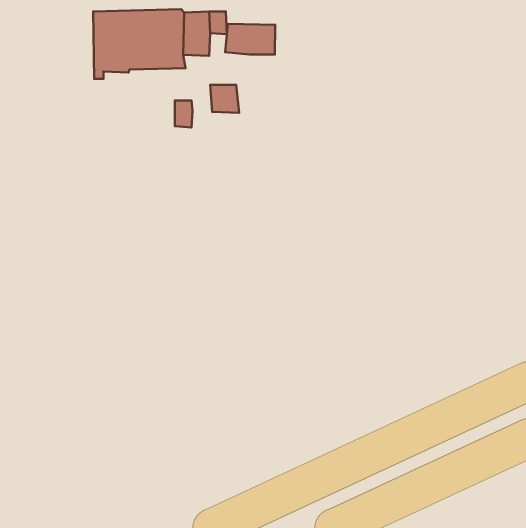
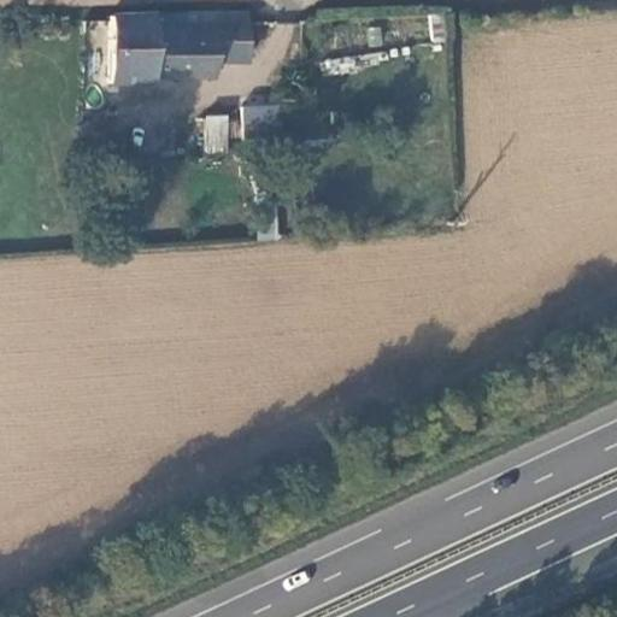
building: [225,24,275,55] -> none

